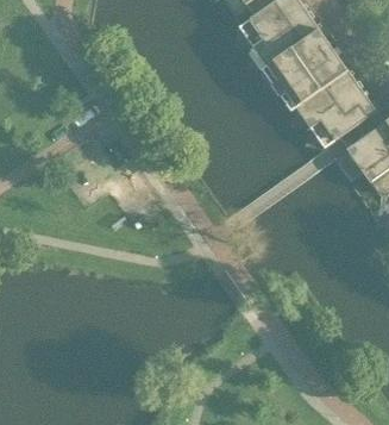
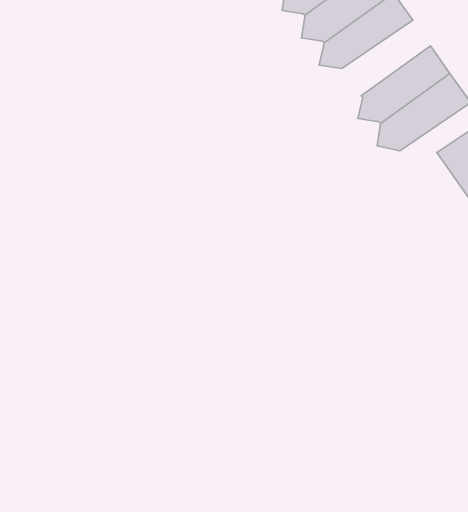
building: [276,51,344,107] -> none

